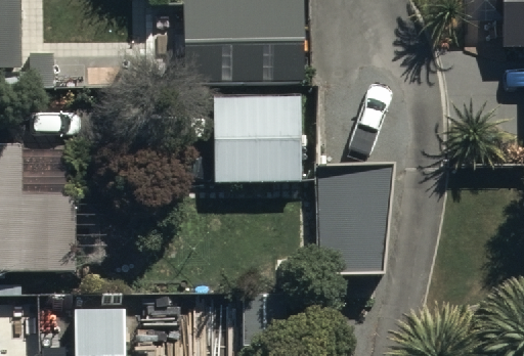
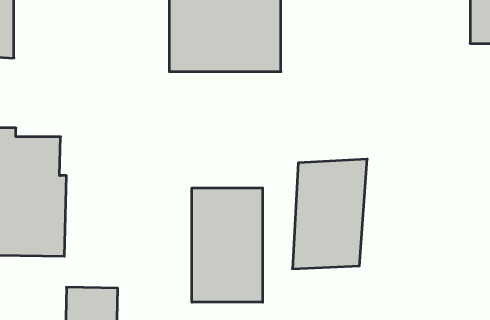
building: [214,95,302,180] -> none
building: none -> [192,188,263,302]

